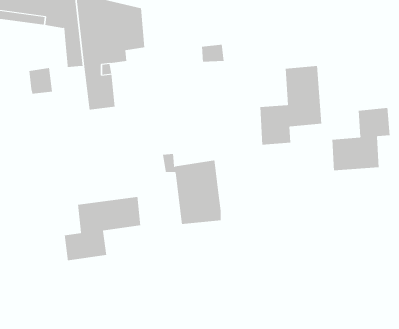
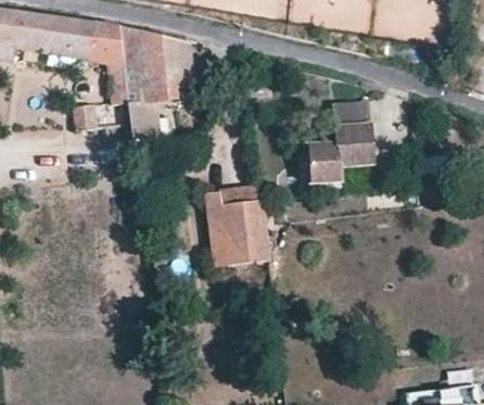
building: [332,107,390,171] -> none
building: [64,196,141,261] -> none

